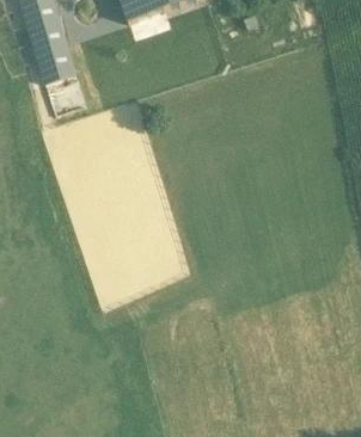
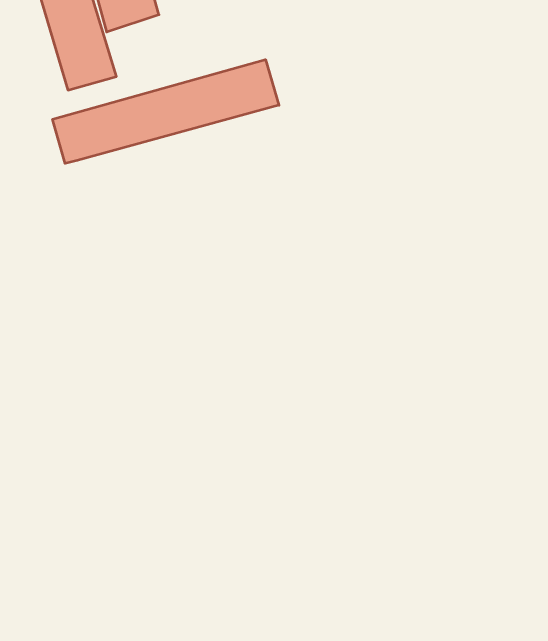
building: none -> [53,60,279,163]

